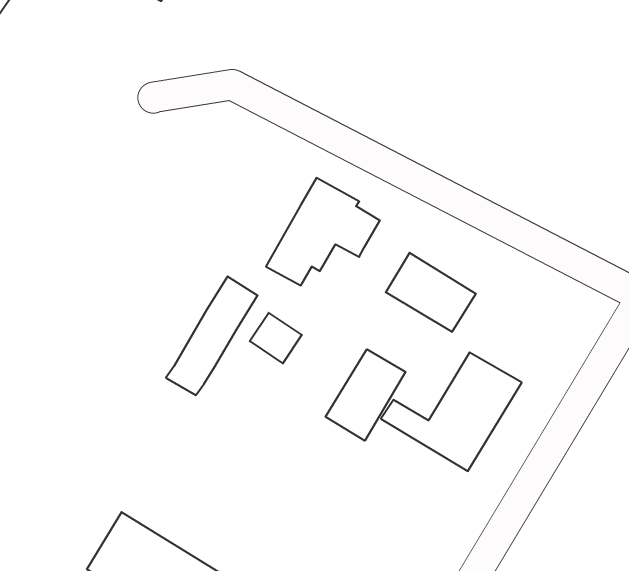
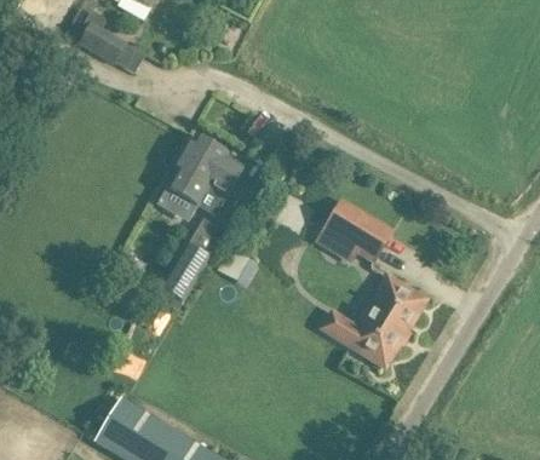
building: none -> [81,22,126,61]
building: [266,178,380,285] -> [157,133,245,215]
building: [326,349,405,441] -> none

